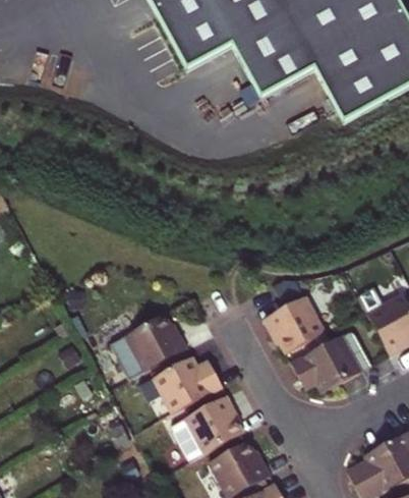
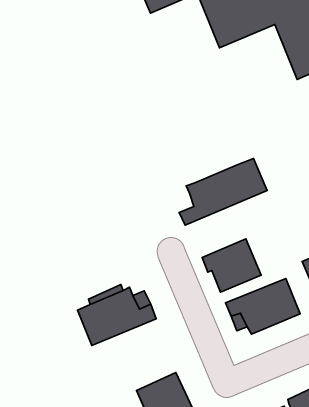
building: none -> [179,159,267,225]
building: [111,312,187,379] -> none
building: [174,395,244,460] -> none

